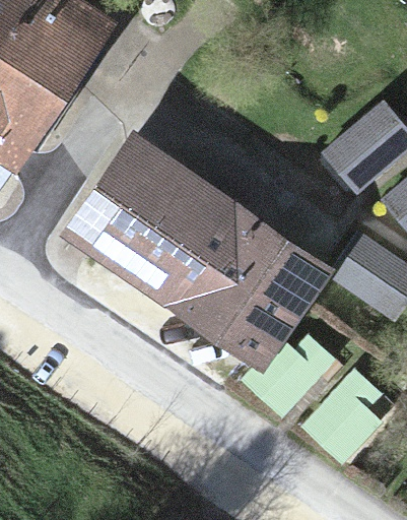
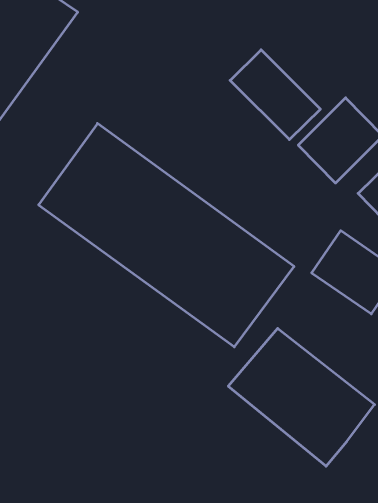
building: none -> [230,50,320,140]

